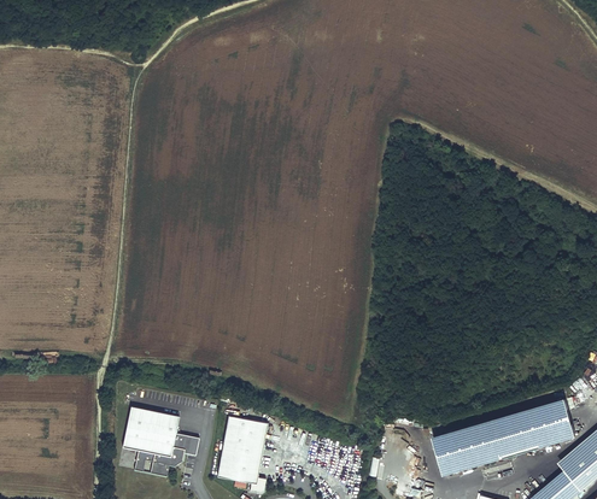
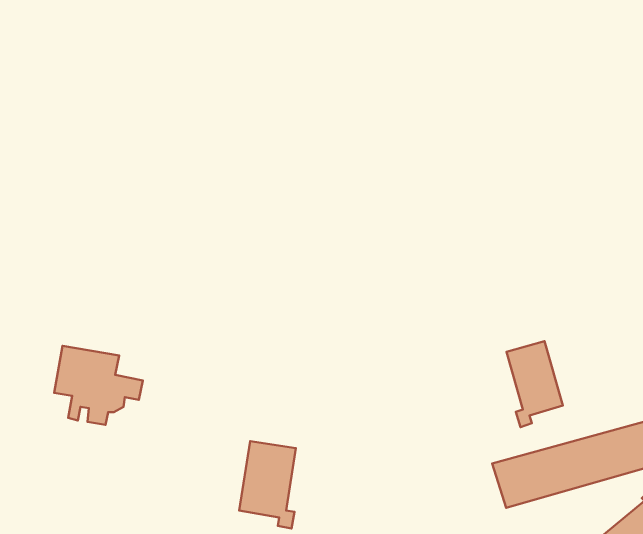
building: none -> [506,341,563,427]
building: [122,407,199,476] -> [54,346,143,425]

